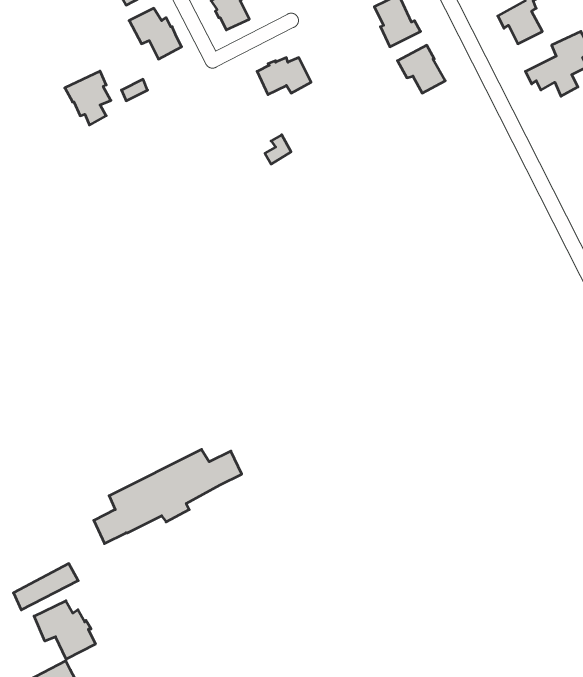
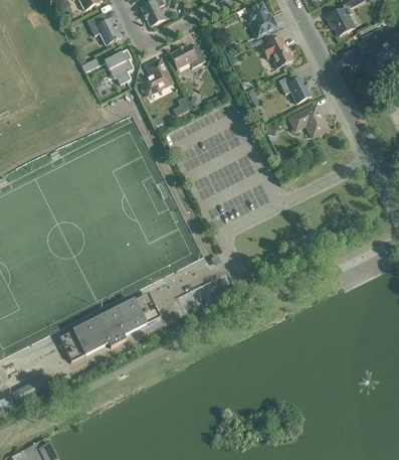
building: [65,71,111,125] -> [103,49,133,85]
building: none -> [140,58,171,95]
building: none -> [277,72,310,103]
building: none -> [288,105,327,137]
building: [34,601,95,659] -> none

